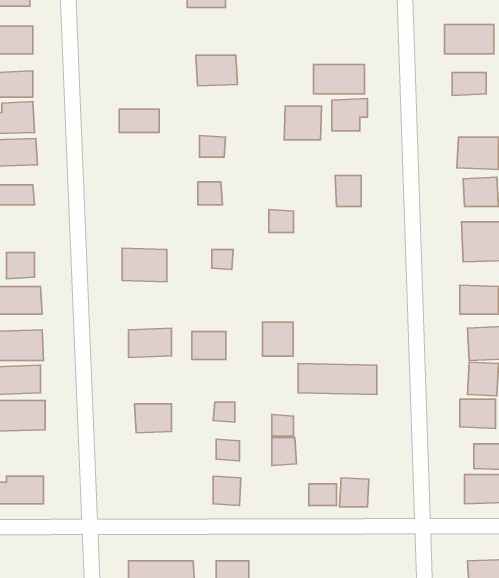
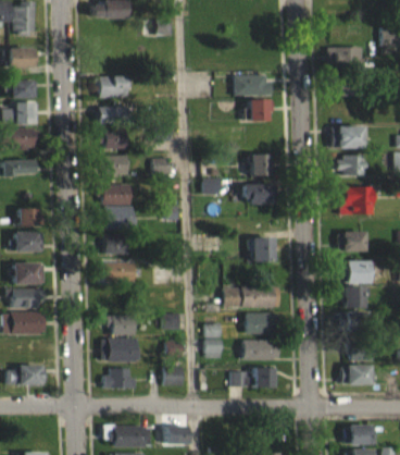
building: [196,55,237,86] -> [98,76,127,98]
building: [284,106,321,140] -> none
building: none -> [99,131,127,149]
building: none -> [103,155,128,175]
building: none -> [102,184,130,205]
building: none -> [245,184,272,204]
building: [262,322,293,356] -> [251,237,273,261]
building: [192,332,226,359] -> [104,234,128,254]
building: none -> [246,312,275,334]
building: none -> [101,339,137,361]
building: none -> [242,340,276,360]
building: none -> [104,368,136,389]

